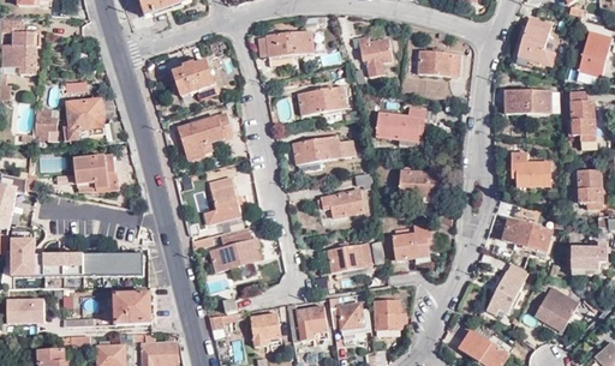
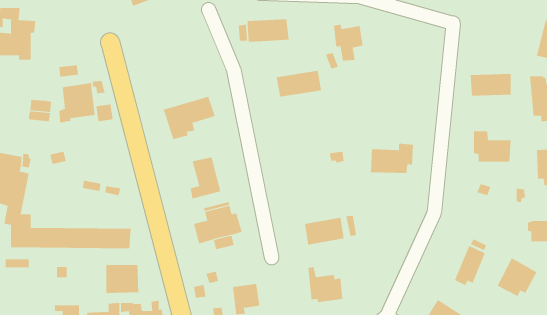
building: [515,16,555,65] -> none
building: [418,48,459,74] -> none
building: [172,61,214,97] -> none
building: [376,109,424,140] -> none
building: [292,136,353,163] -> none
building: [73,155,117,187] -> none
building: [318,187,363,216] -> none
building: [502,217,551,257] -> none
building: [393,223,432,264] -> none
building: [376,299,404,334] -> none
building: [287,304,326,341] -> none
building: [7,305,35,330] -> none

